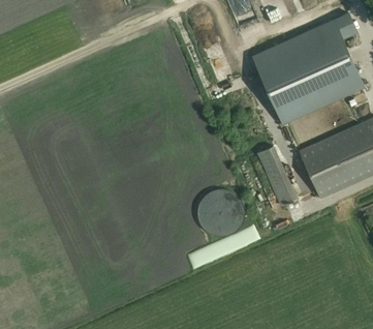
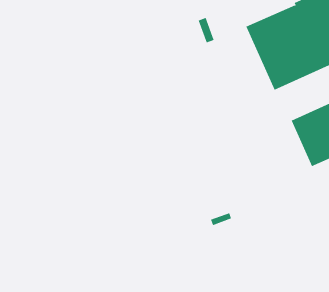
building: [257,146,296,206] -> none
building: [196,187,245,237] -> none

